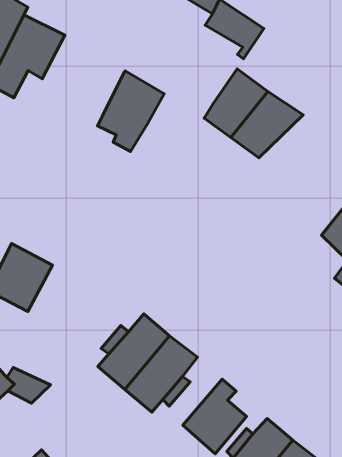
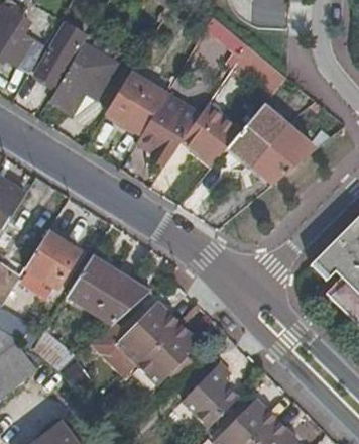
building: none -> [101,72,163,134]
building: none -> [174,107,231,165]
building: none -> [71,263,146,327]

